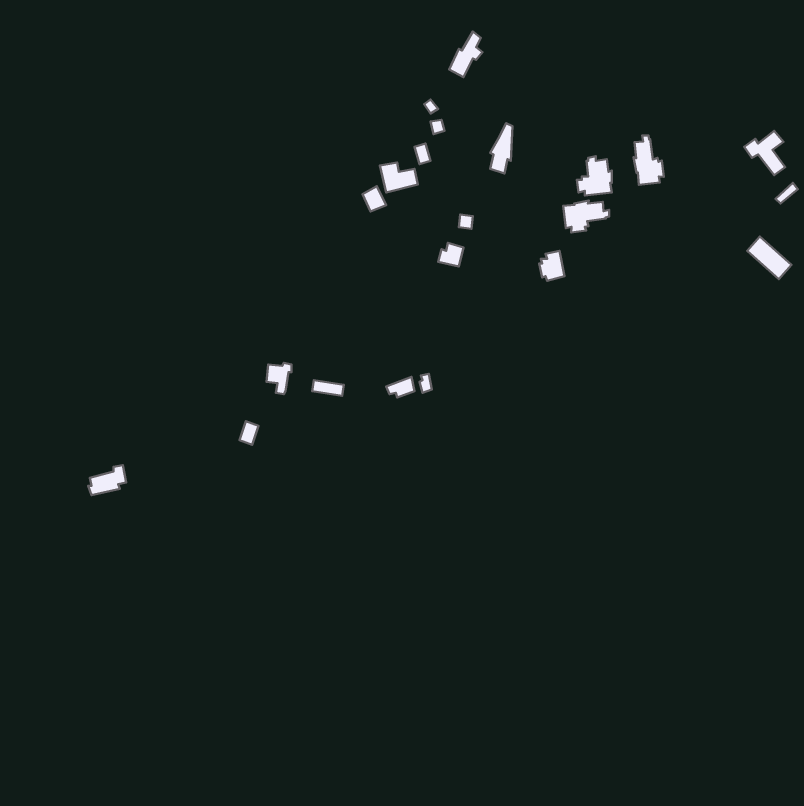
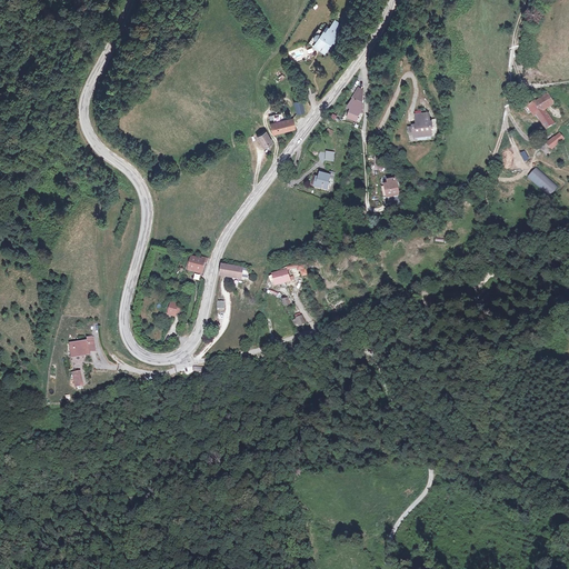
building: [634,135,664,185] -> none
building: [563,201,609,232] -> none

